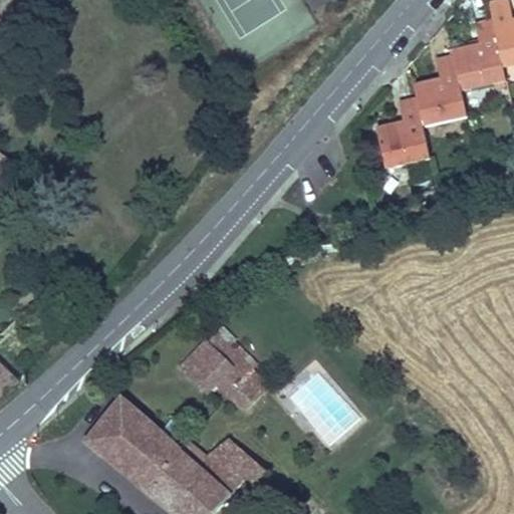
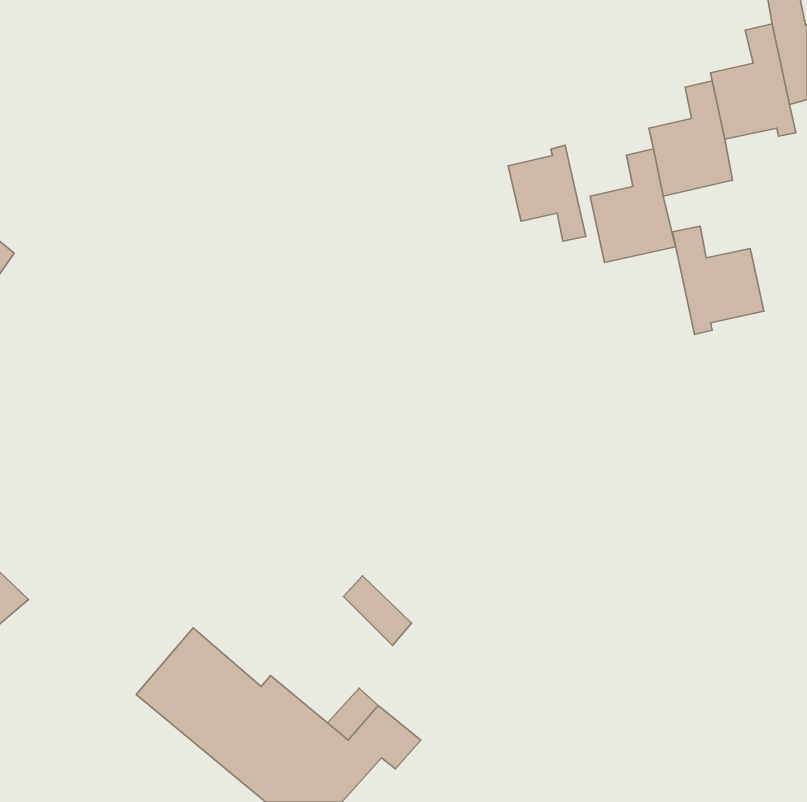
building: none -> [508,145,586,241]
building: none -> [672,226,764,335]
building: [191,340,272,396] -> none

